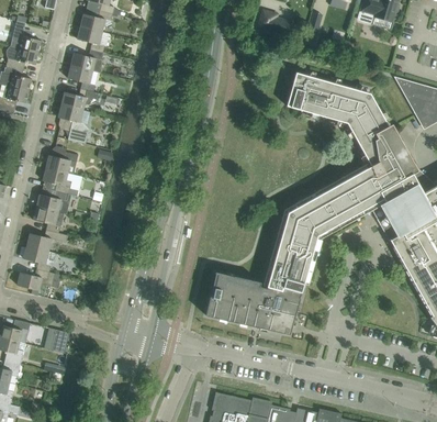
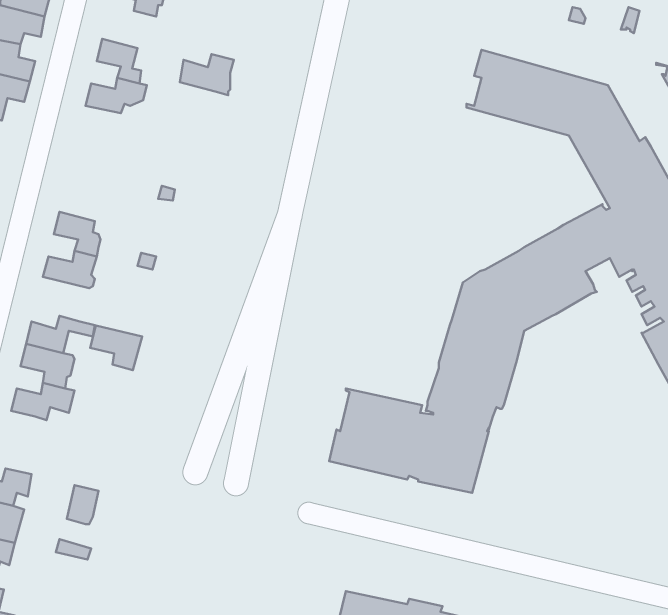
building: [71,49,103,74] -> [180,54,234,95]
building: [58,106,89,144] -> none
building: [46,152,78,175] -> none
building: [33,207,64,233] -> [90,325,142,370]

